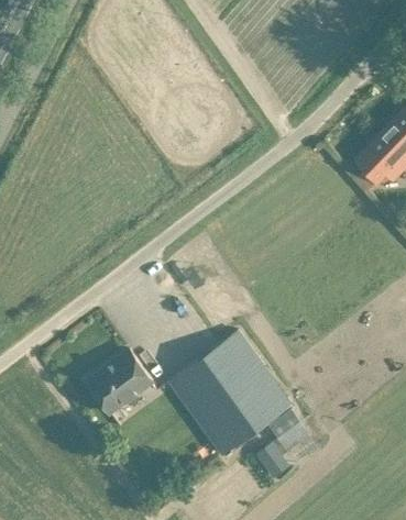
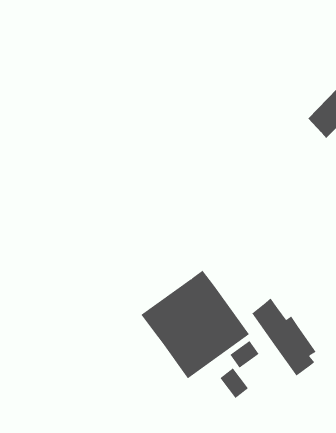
building: [86,352,153,416] -> none
building: none -> [251,298,317,376]

